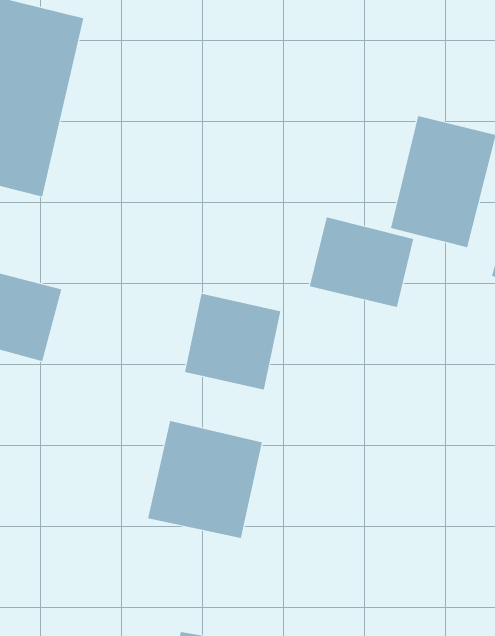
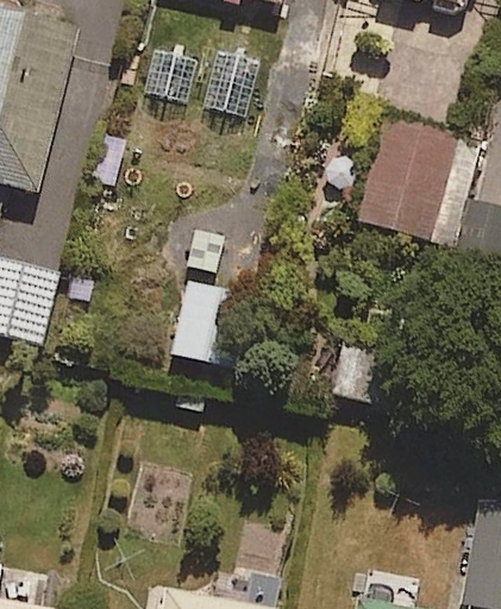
building: [309,217,414,308] -> none
building: [148,420,263,539] -> none

